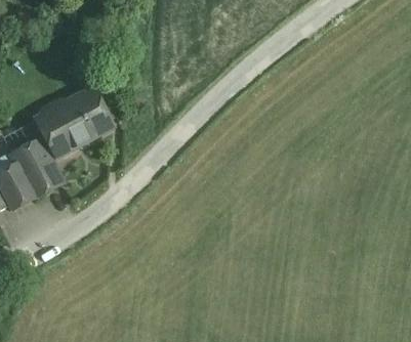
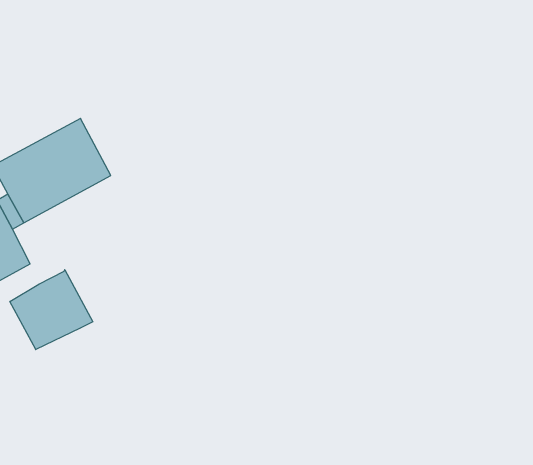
building: none -> [10,270,93,350]

